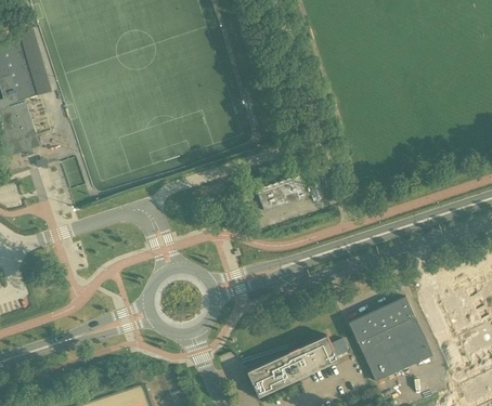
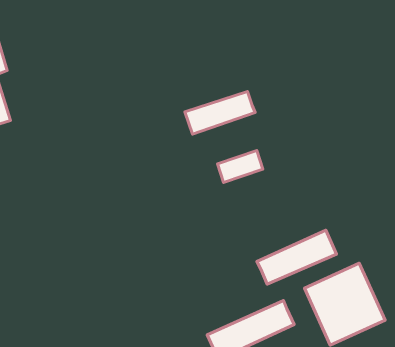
building: none -> [185,92,255,134]
building: none -> [257,230,337,284]

